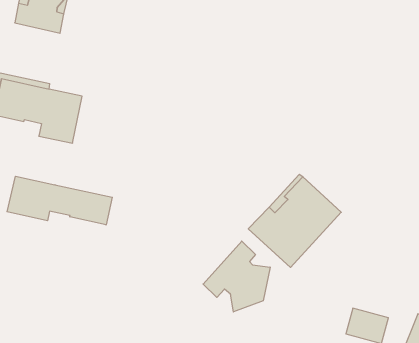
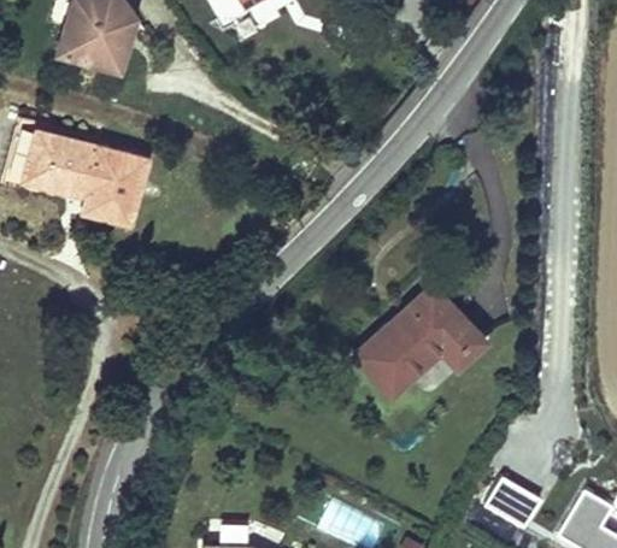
building: [7,176,112,225] -> none
building: [203,241,270,312] -> none

